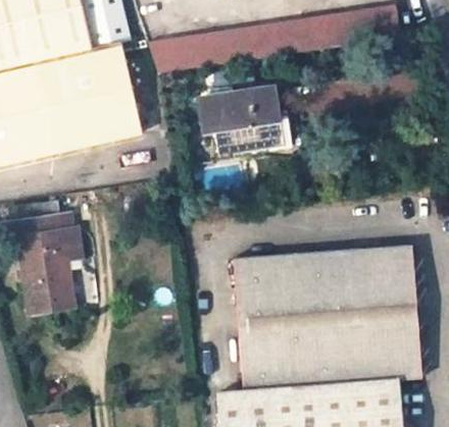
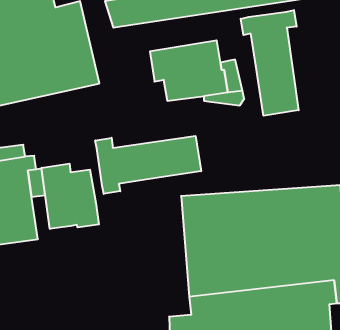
building: none -> [241,10,299,116]
building: none -> [95,136,201,194]
building: none -> [42,164,99,229]

